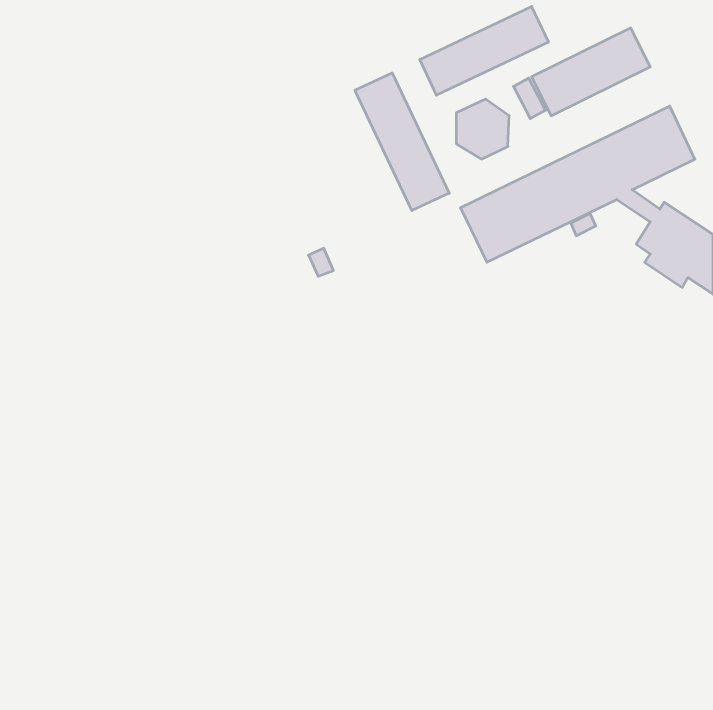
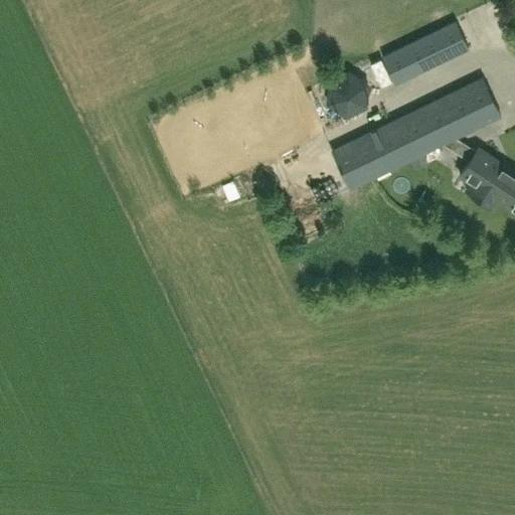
building: [420,6,548,95] -> none
building: [355,73,449,211] -> none

